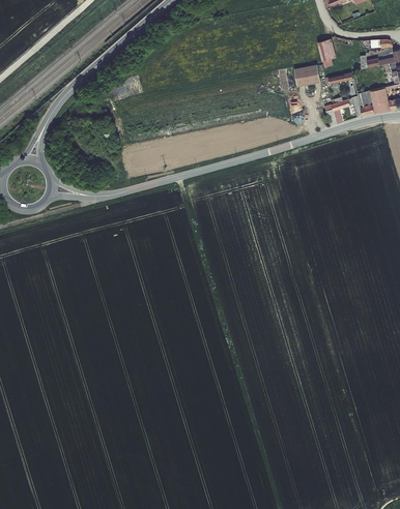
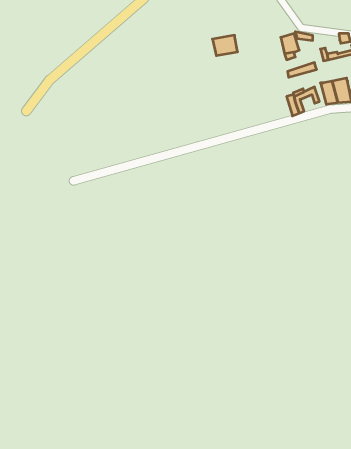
building: [294,64,321,86] -> [212,35,238,56]

